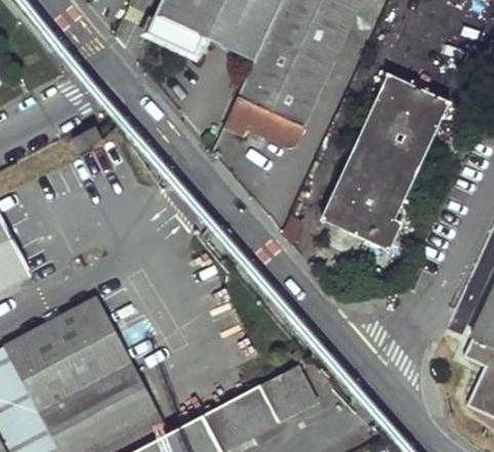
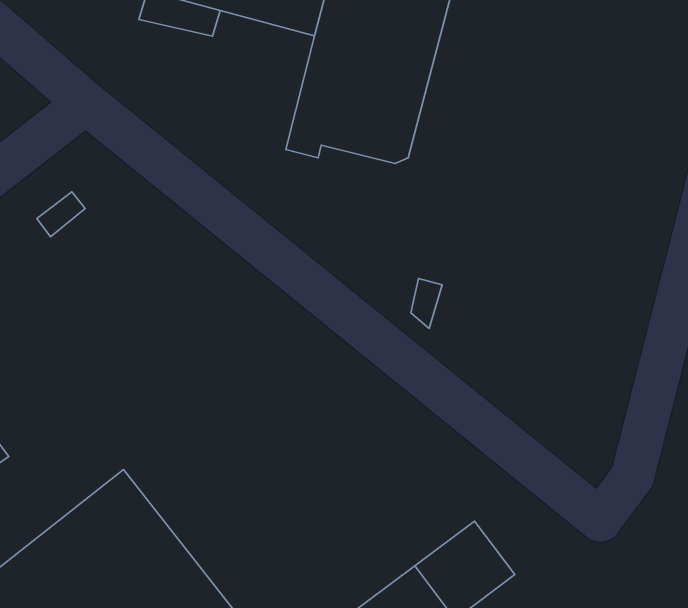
building: [323,73,448,248] -> none

